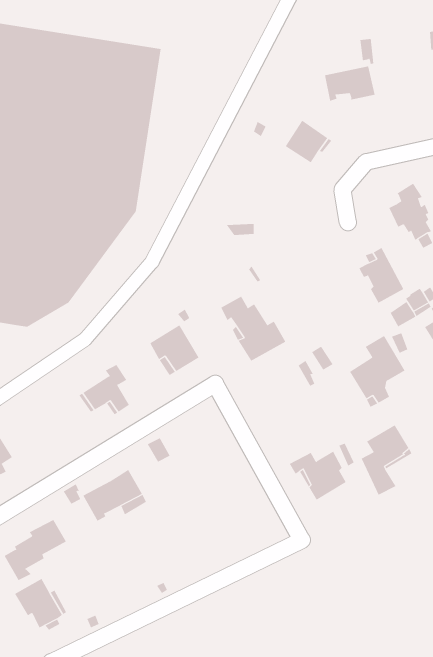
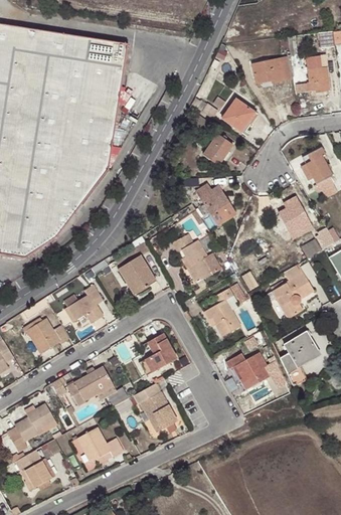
building: none -> [296,56,330,93]
building: none -> [202,134,232,166]
building: none -> [195,184,235,225]
building: none -> [203,288,240,336]
building: none -> [21,318,69,353]
building: none -> [138,334,176,376]
building: none -> [128,383,176,433]
building: none -> [77,427,123,464]

